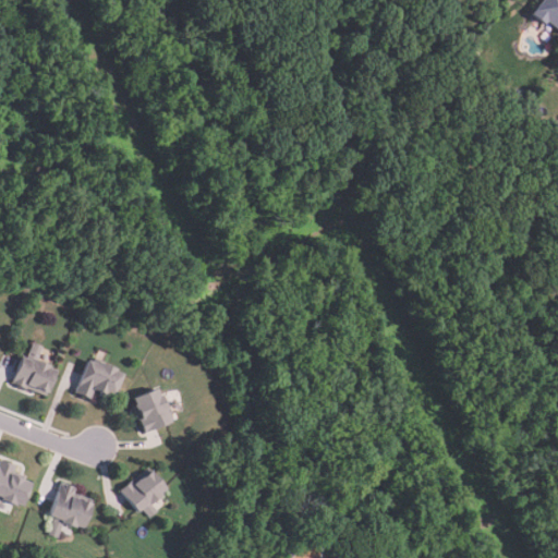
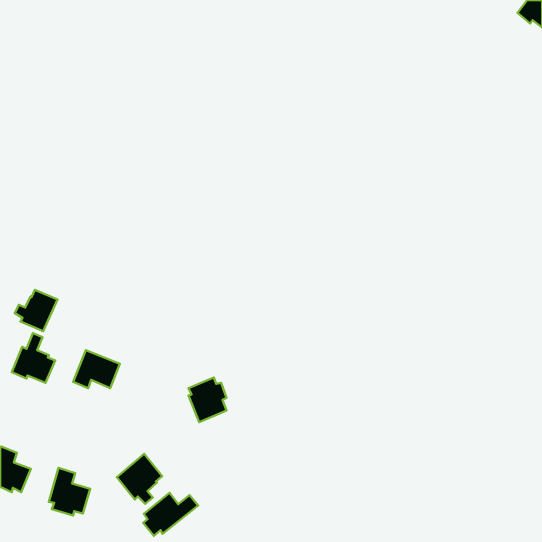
building: none -> [15,290,57,331]
building: [132,388,171,434] -> [188,378,227,422]
building: none -> [143,493,198,536]

